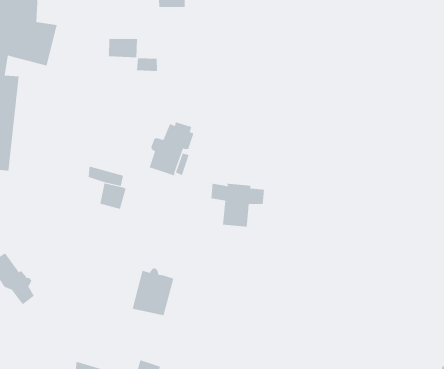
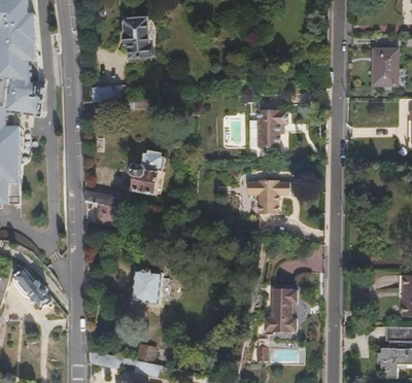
building: none -> [250,110,281,148]
building: [211,183,265,227] -> [247,178,290,212]
building: none -> [264,286,297,330]

